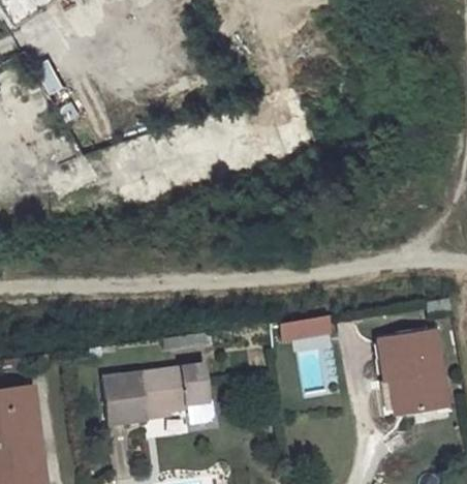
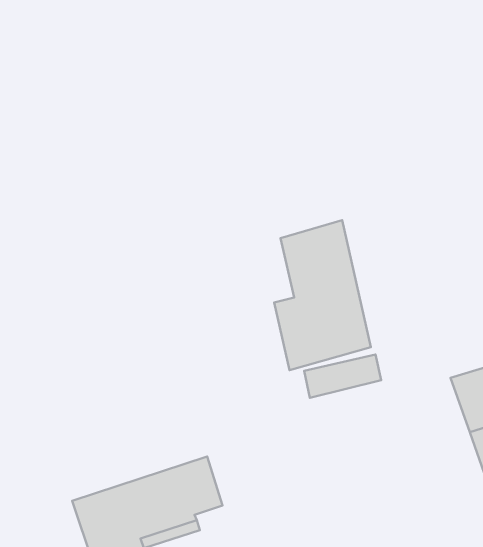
building: none -> [274,220,371,370]

